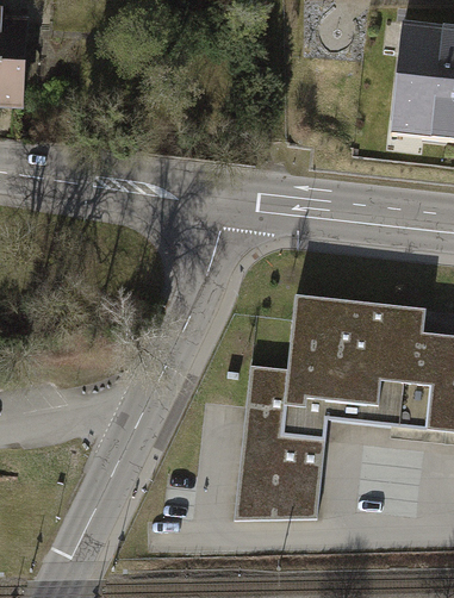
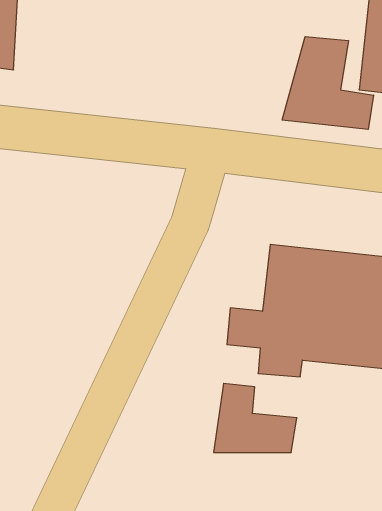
building: none -> [282,37,373,129]
building: [244,403,326,481] -> none

